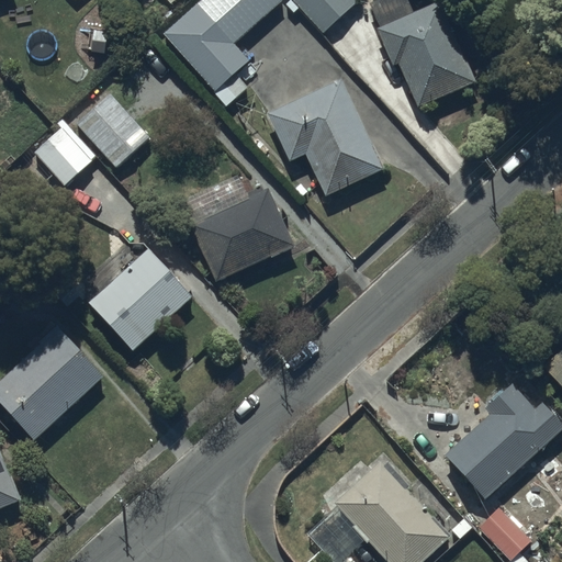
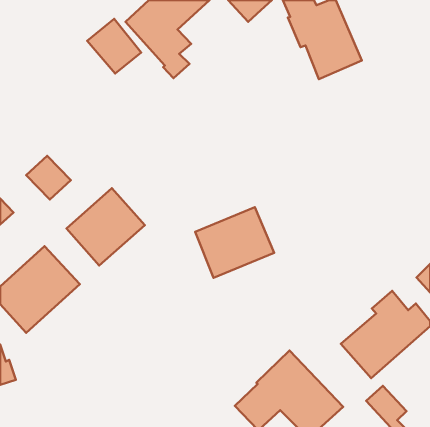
building: [269,79,381,194] -> none
building: [77,93,147,165] -> [87,19,141,74]
building: [33,127,91,184] -> [26,156,71,199]
building: [190,188,293,280] -> [195,207,274,278]

